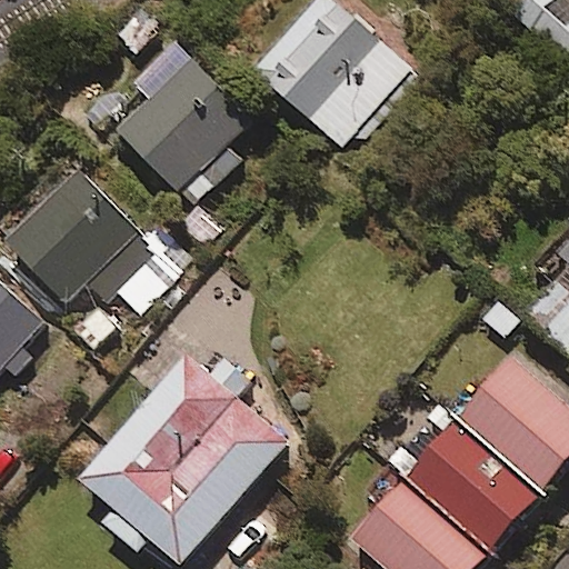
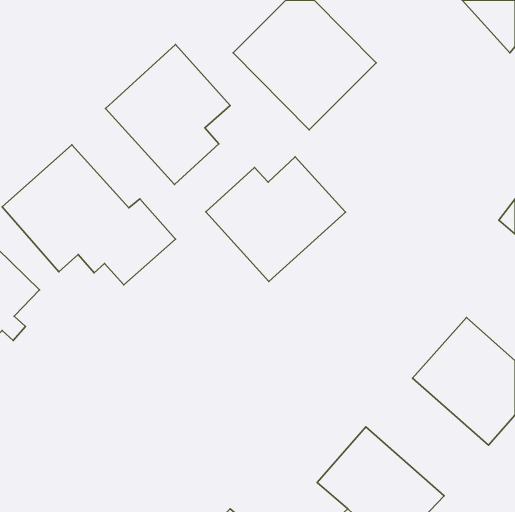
building: none -> [206,157,346,281]
building: [80,355,287,563] -> none
building: [392,411,536,550] -> none

